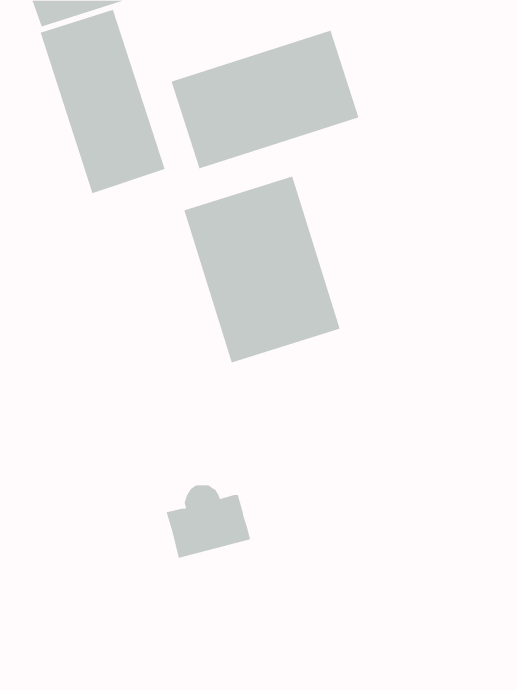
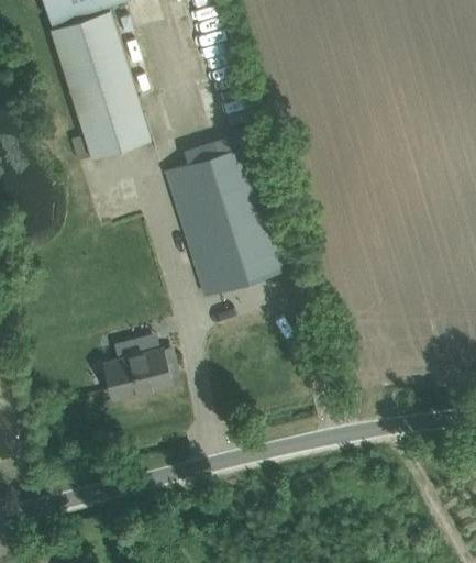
building: [171,30,359,169] -> none
building: [166,485,251,559] -> [103,341,171,400]

